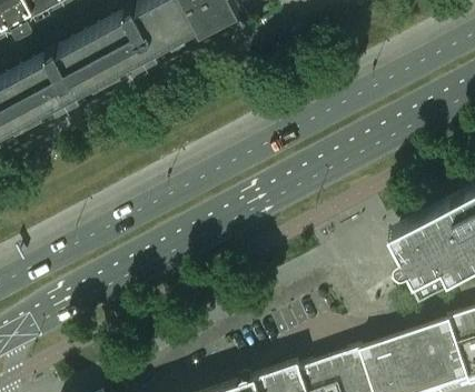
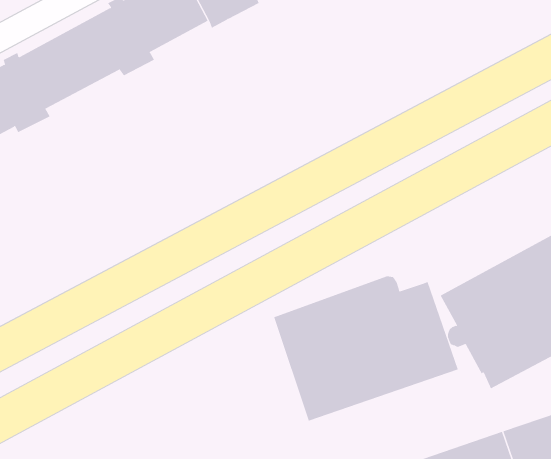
building: none -> [274,275,458,422]

